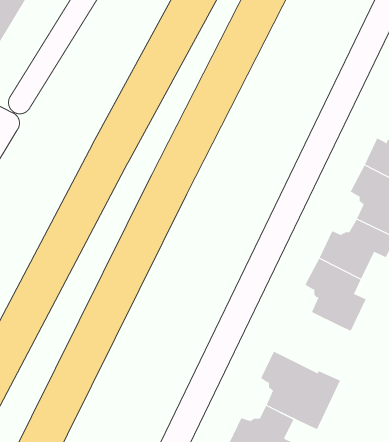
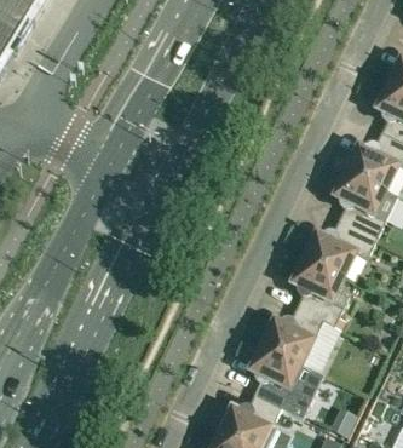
building: none -> [261,306,323,363]

